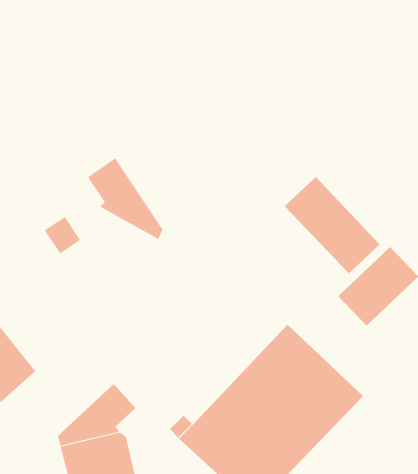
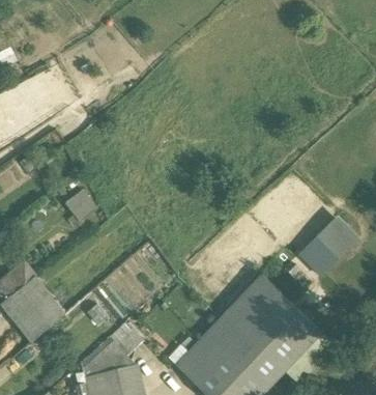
building: [87,157,163,240] -> none
building: [284,176,381,274] -> none

